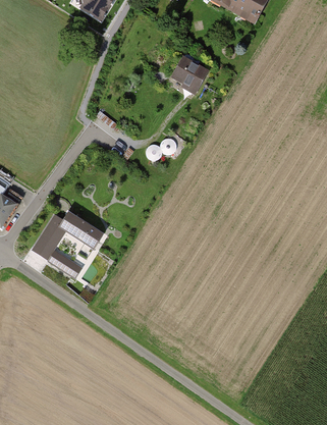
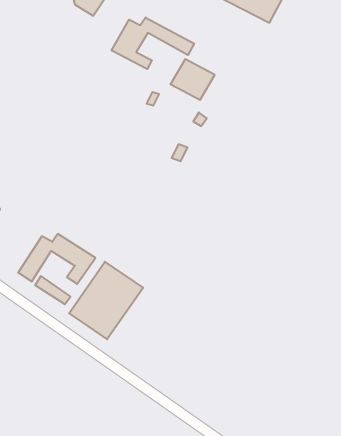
building: none -> [112,17,194,69]
building: none -> [69,262,143,339]

